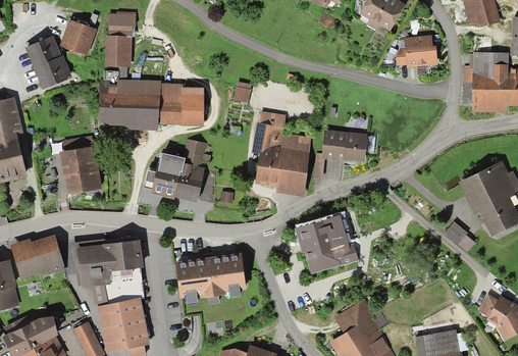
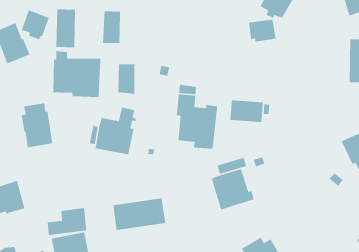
building: [399,38,434,67] -> [248,19,277,43]
building: [159,82,183,123] -> [102,10,121,44]
building: [71,238,145,288] -> none

